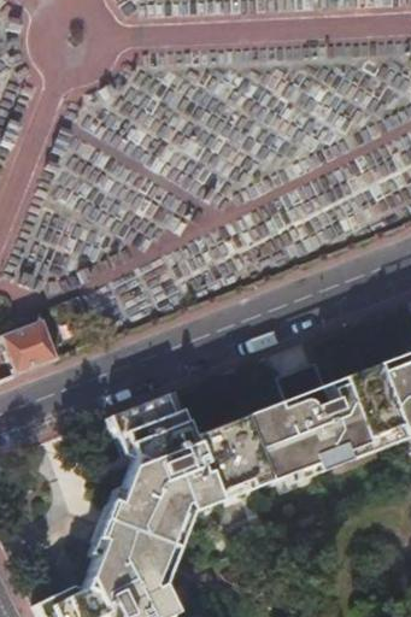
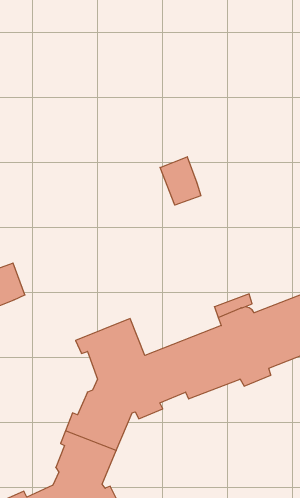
building: none -> [160,157,201,205]

